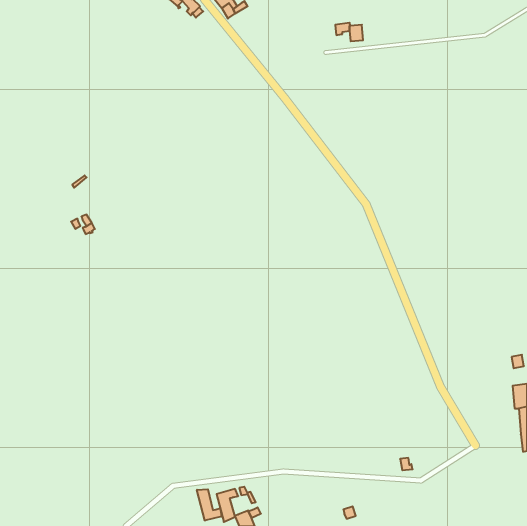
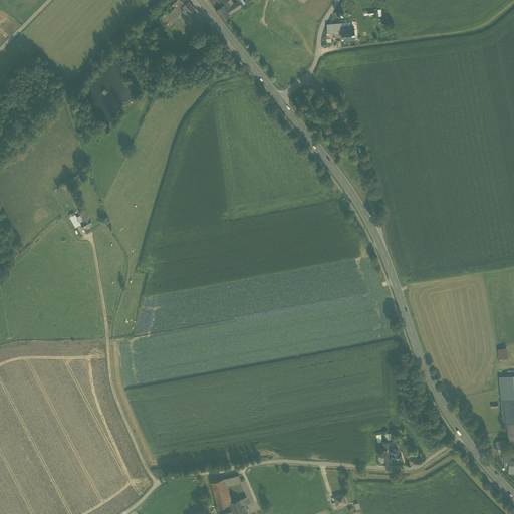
building: [197,489,221,521] -> none

